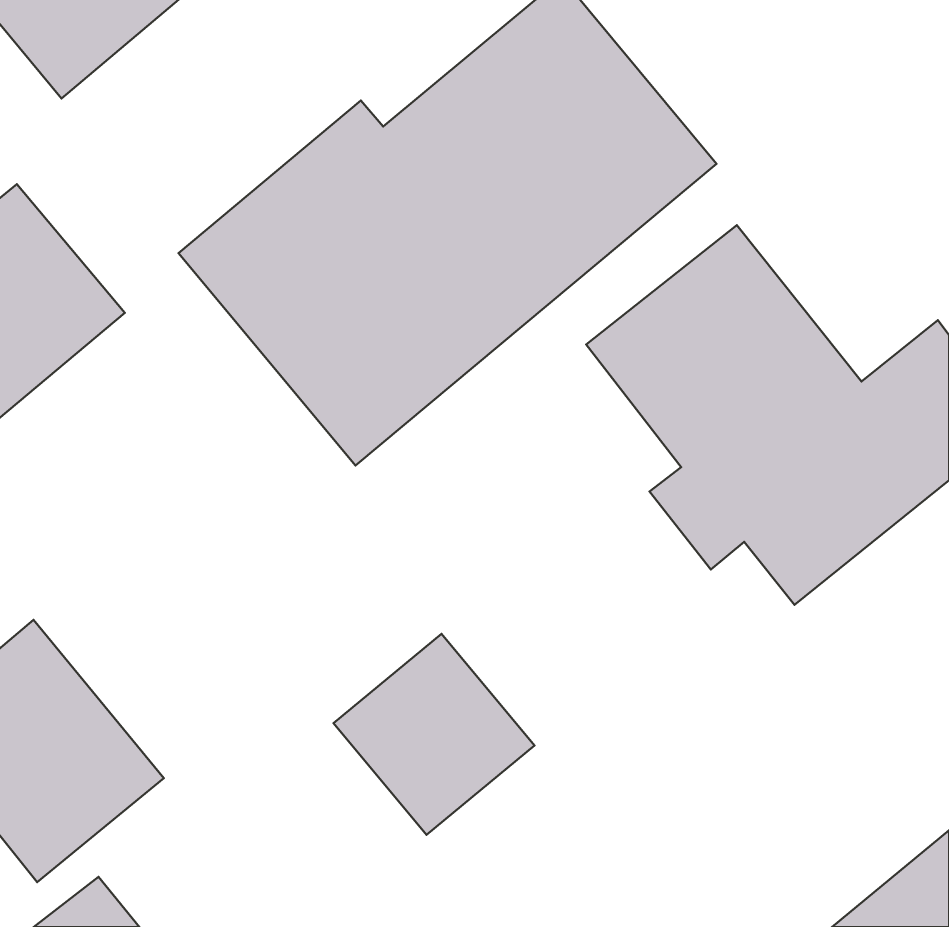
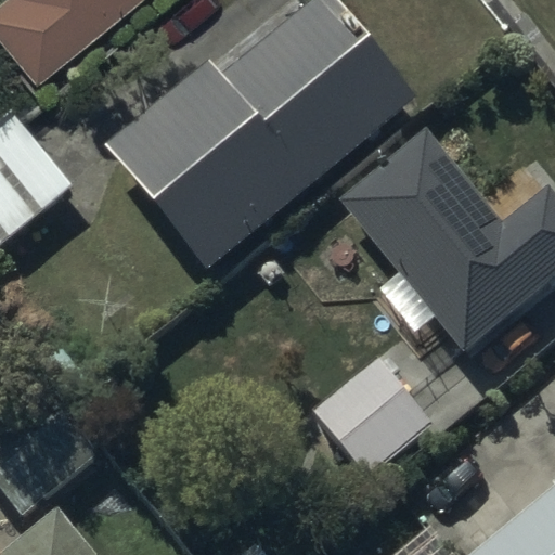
building: [333,634,534,835] -> [317,357,434,474]

